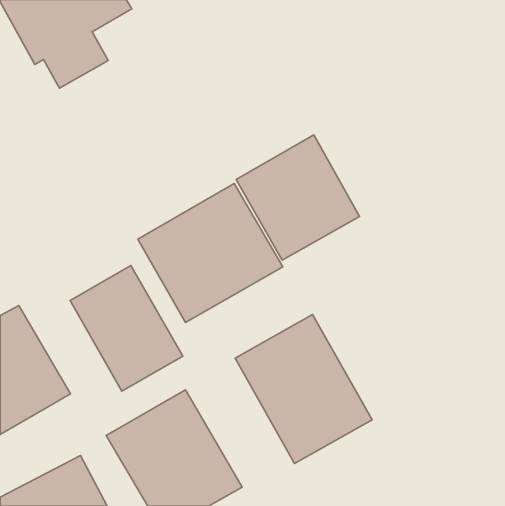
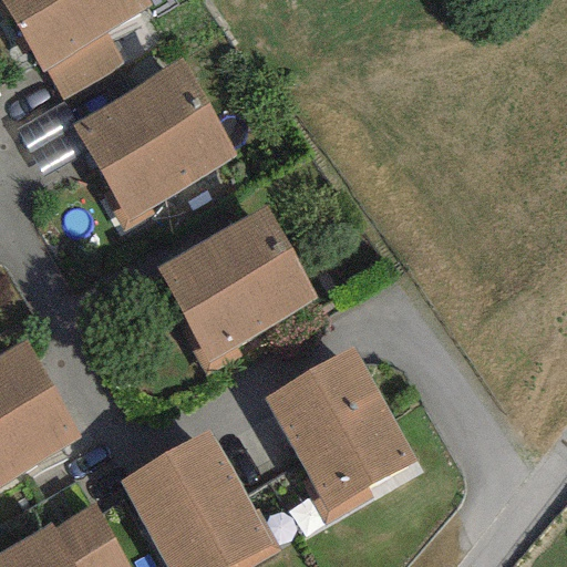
building: none -> [73,55,238,219]
building: [236,135,360,260] -> none
building: [70,266,183,391] -> none

